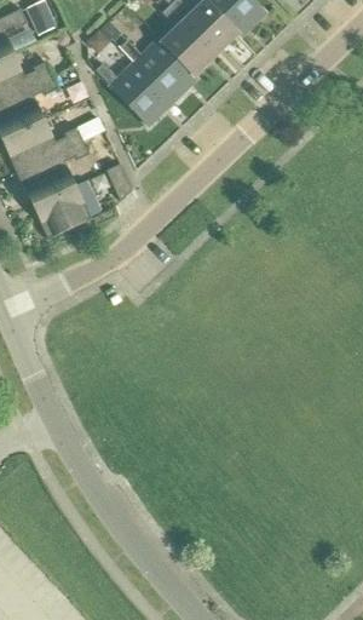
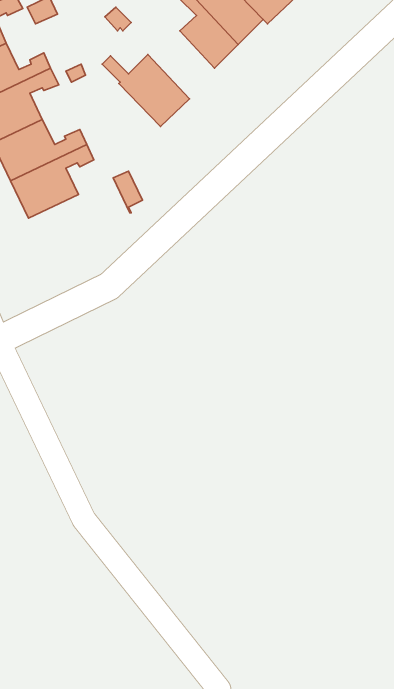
building: [121,36,197,99] -> none
building: [33,183,92,237] -> none

